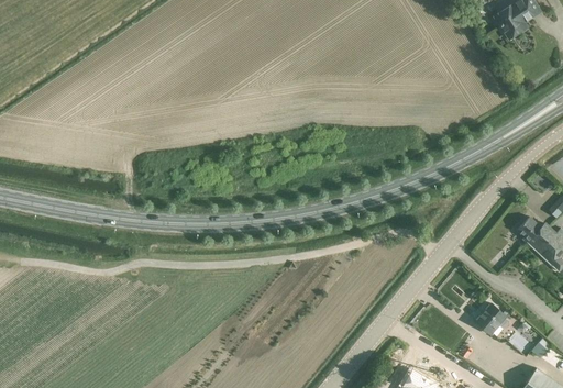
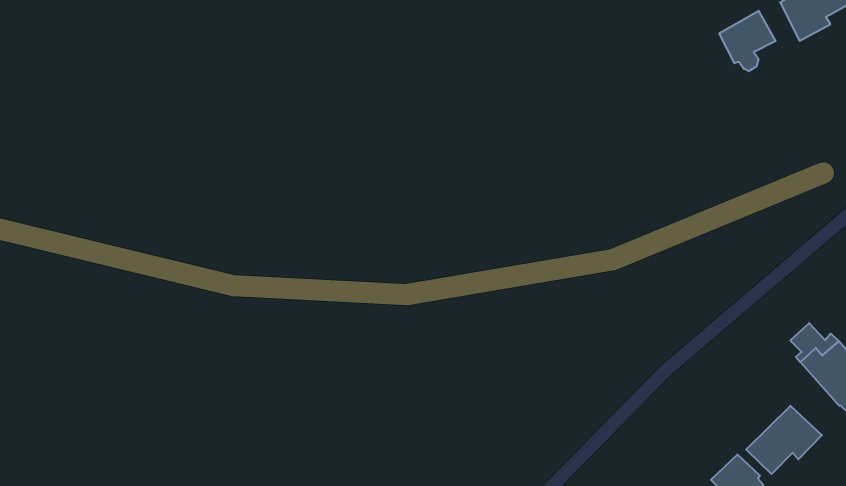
building: none -> [719,11,776,71]
building: none -> [746,406,822,474]

